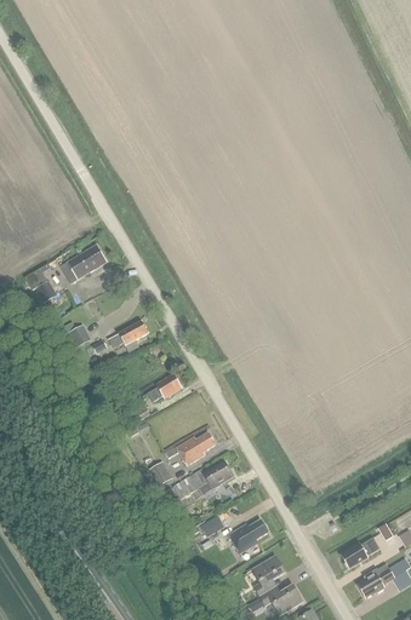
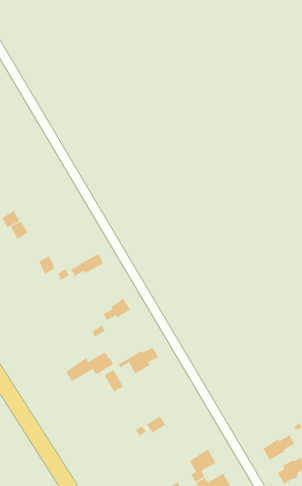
building: [59,246,105,283] -> none
building: [175,460,233,496] -> [65,352,113,382]
building: [228,519,267,553] -> none

